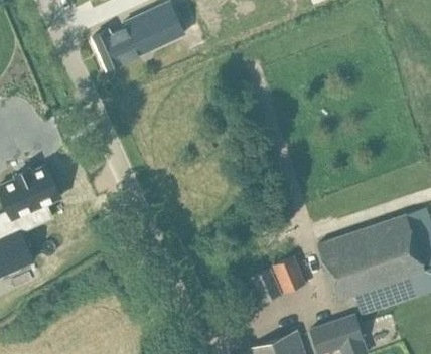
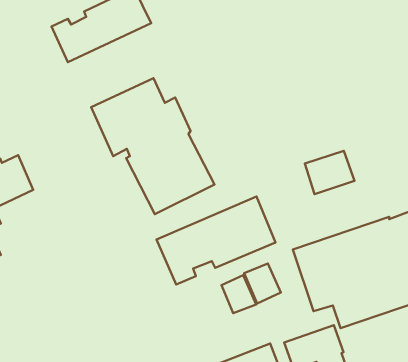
building: none -> [91,78,214,214]
building: none -> [305,151,355,194]
building: none -> [156,197,276,285]

